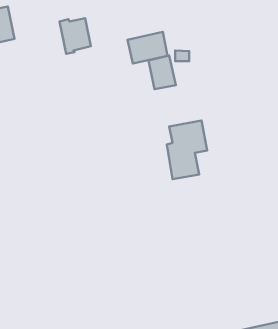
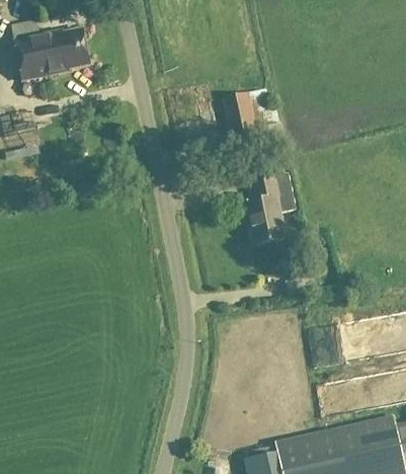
building: [59,18,91,54] -> [50,27,88,71]
building: [127,32,168,63] -> none

